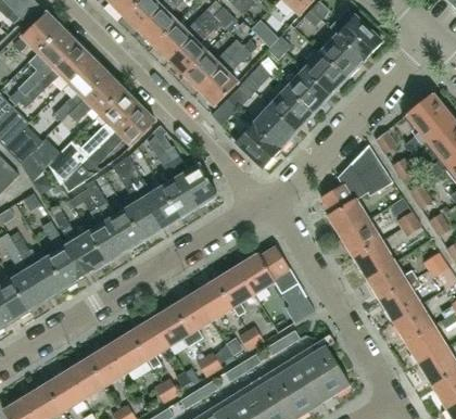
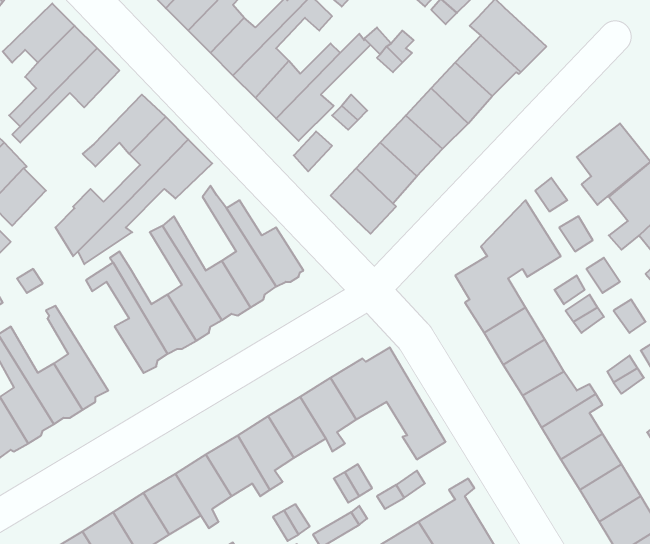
building: [53,58,107,120] -> none
building: [20,136,62,181] -> none
building: [51,207,109,272] -> none

